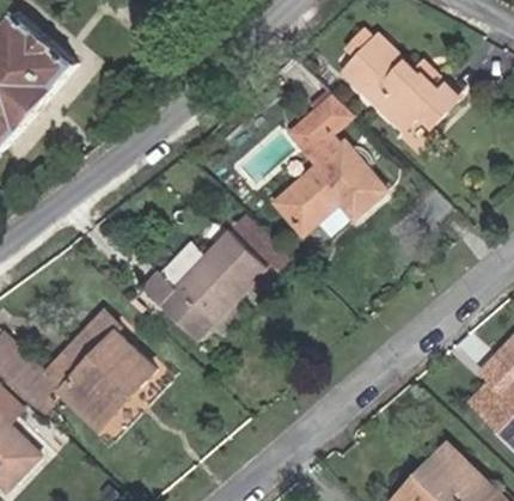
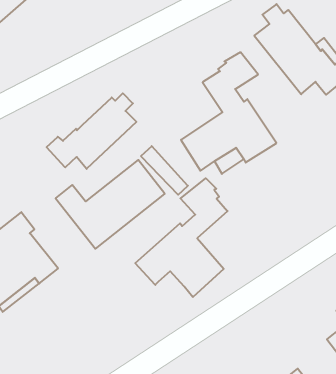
building: none -> [47,93,136,169]
building: none -> [135,178,228,297]

